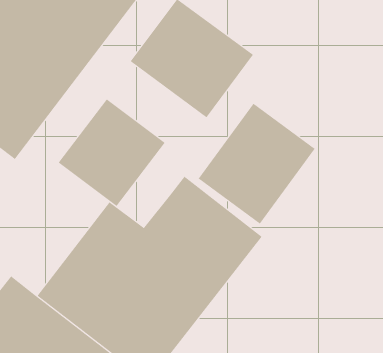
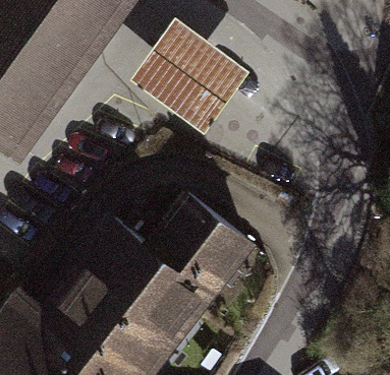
building: [58,98,165,207] -> none
building: [198,103,315,224] -> none

